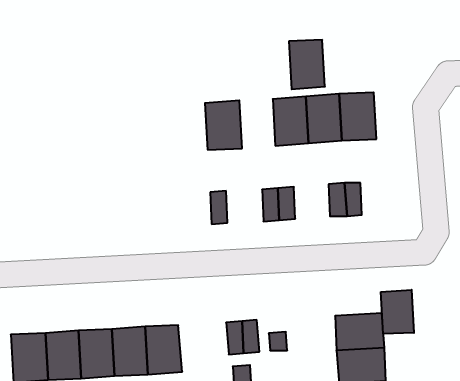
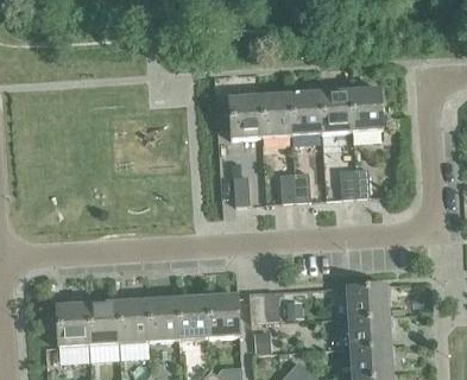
building: [289,40,325,89] -> [260,94,292,138]
building: [381,290,414,334] -> none
building: none -> [206,293,240,337]

